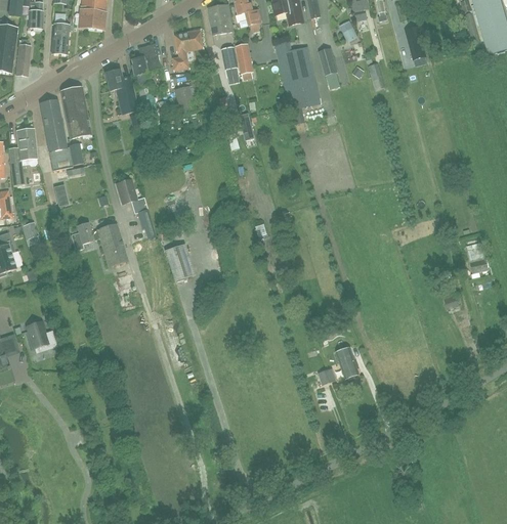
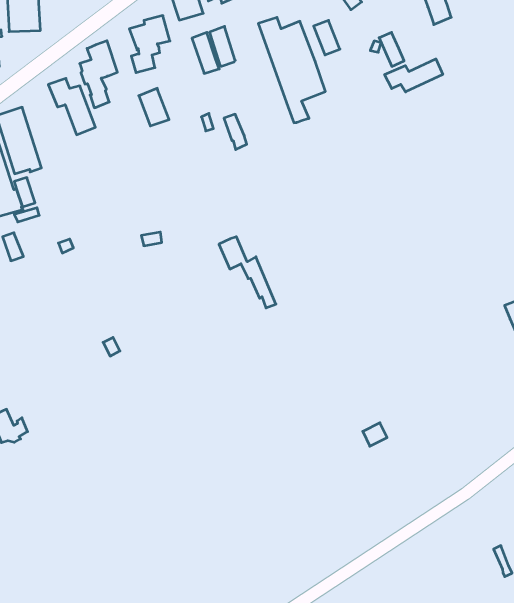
building: none -> [385,59,443,92]
building: [116,178,155,236] -> [219,237,276,308]
building: [71,221,128,266] -> none
building: [165,244,194,279] -> none
building: [336,346,360,378] -> none

